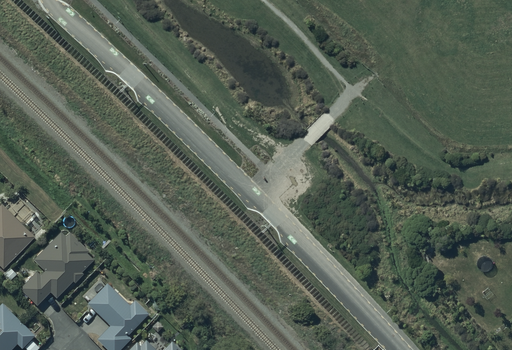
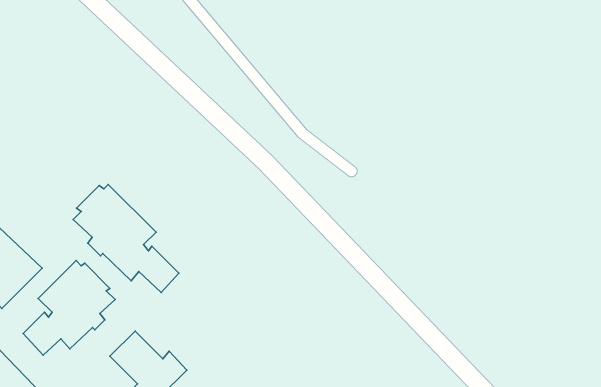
building: none -> [73,184,179,293]

